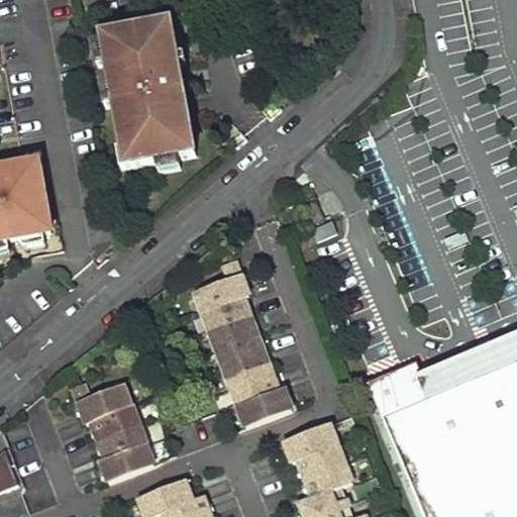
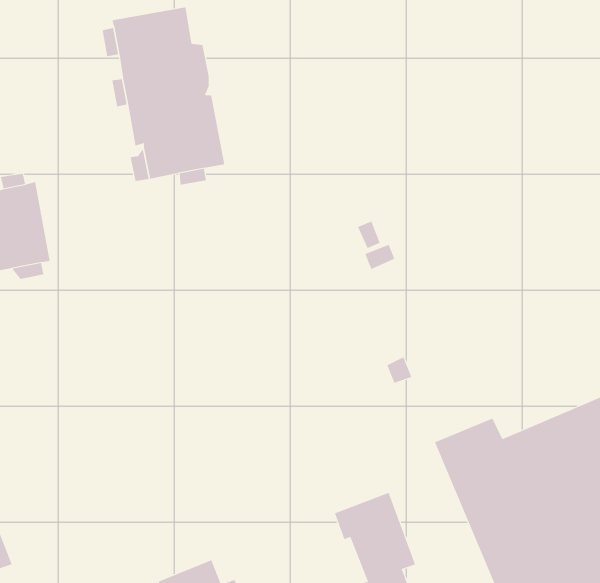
building: [195,257,293,424] -> none
building: [75,379,154,479] -> none

